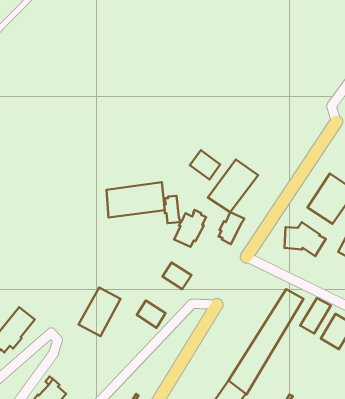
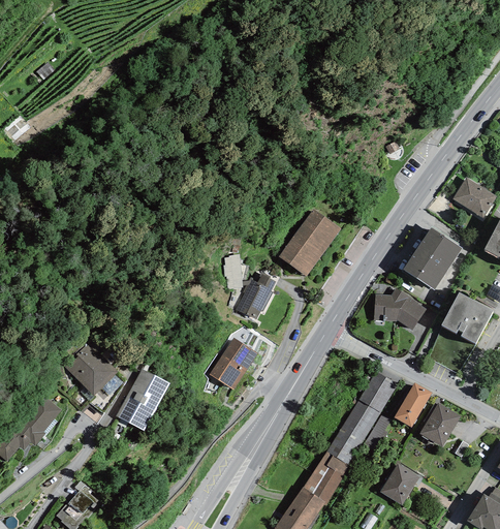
building: [190,150,220,180] -> none
building: [107,182,165,218] -> none
building: [219,212,244,244] -> none
building: none -> [64,342,118,395]
building: [137,301,166,328] -> [210,355,246,390]
building: none -> [379,463,419,504]

